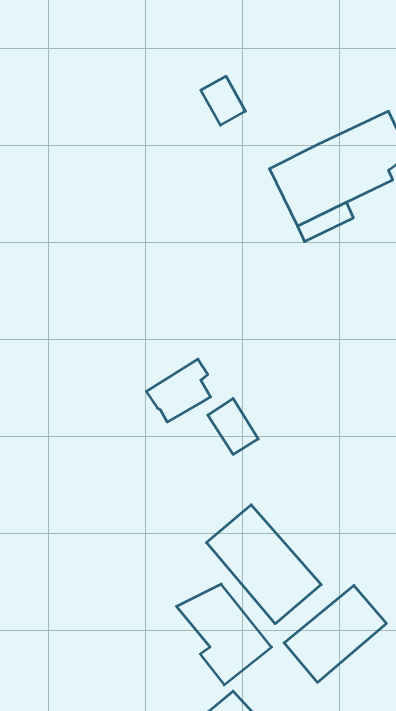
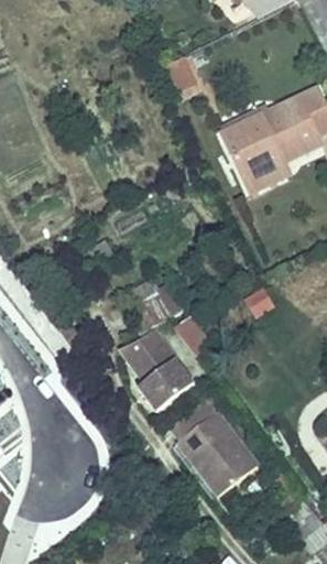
building: [176,584,272,685] -> [119,333,194,412]
building: [284,585,386,682] -> none

